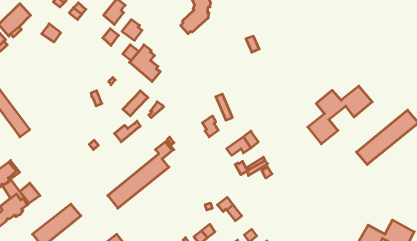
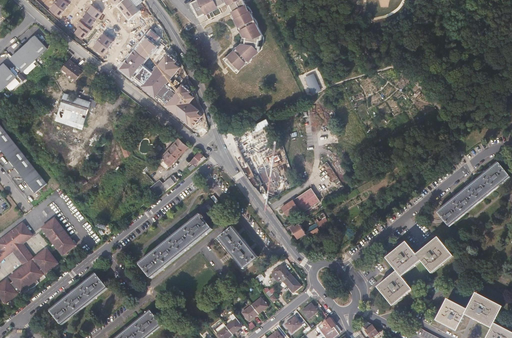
building: none -> [118,48,146,78]
building: none -> [141,67,170,97]
building: none -> [54,93,96,129]
building: [308,86,372,144] -> [380,235,457,304]
building: none -> [42,218,74,253]
building: none -> [217,226,256,268]

